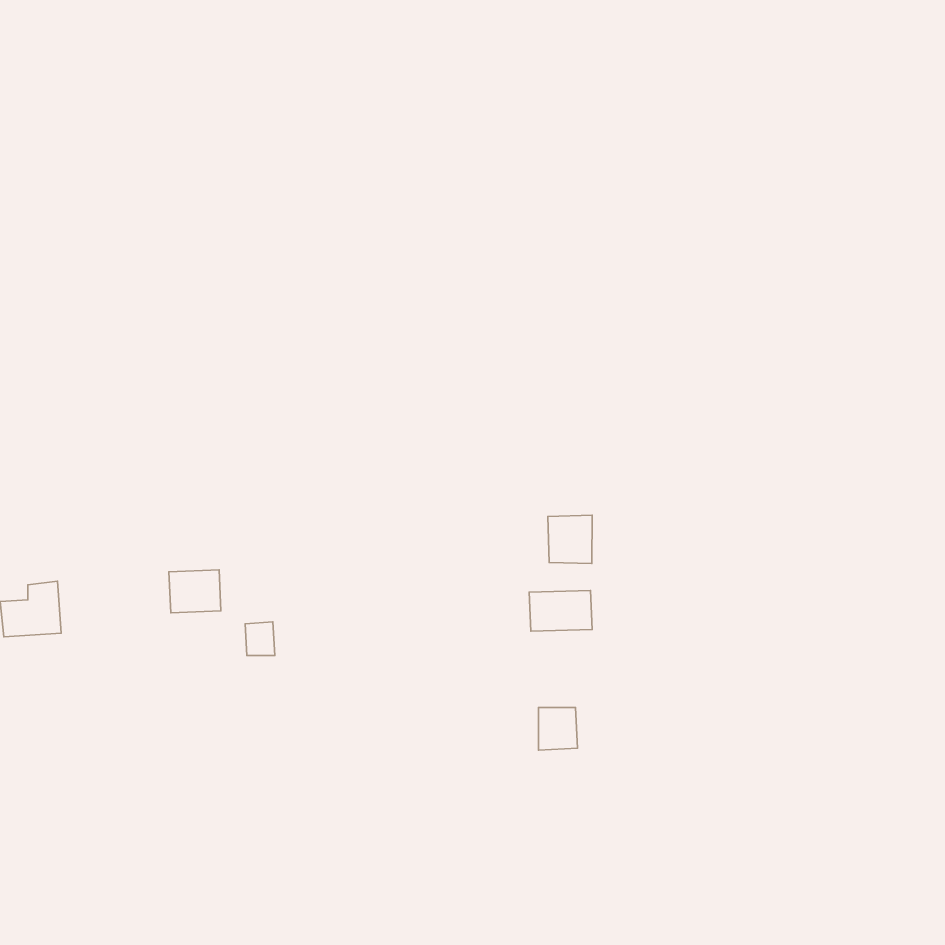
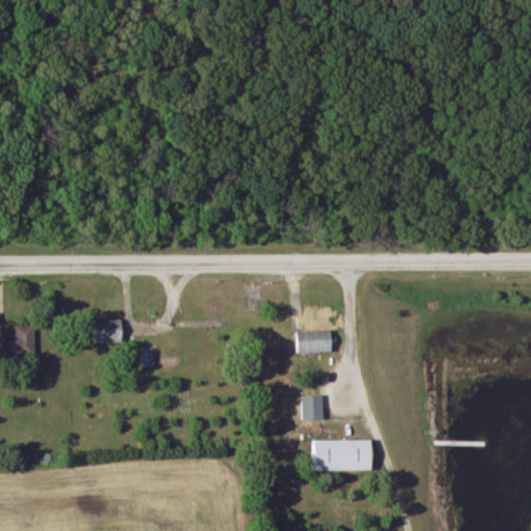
building: [548,515,592,564] -> none
building: none -> [313,439,371,471]

